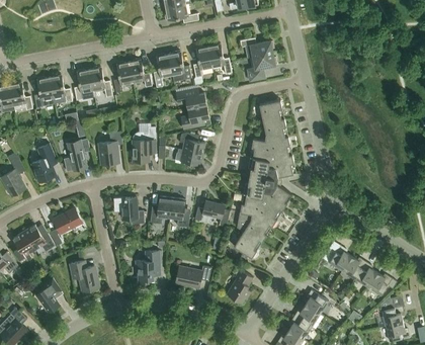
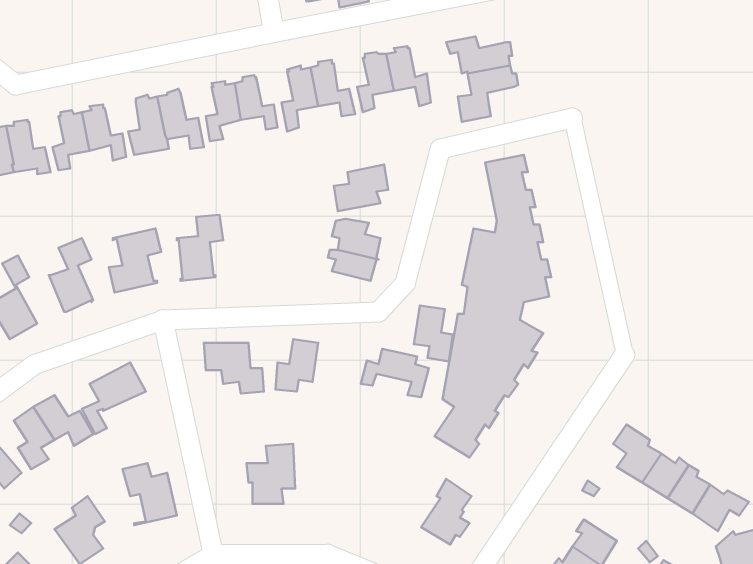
building: [175,90,206,109] -> none
building: [132,127,155,162] -> none
building: [169,198,189,228] -> [414,305,453,362]
building: [175,261,210,288] -> none

